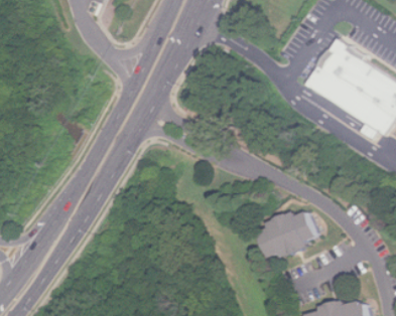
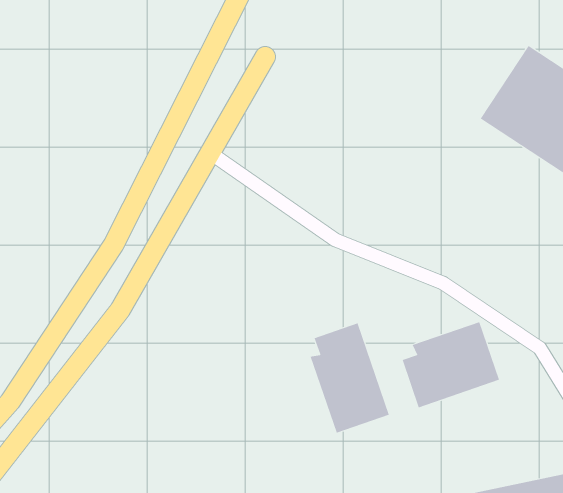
building: none -> [310,323,390,434]

